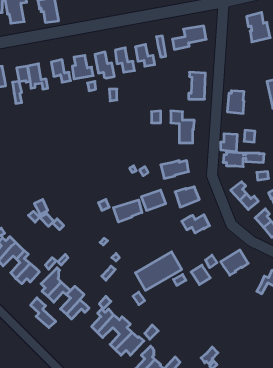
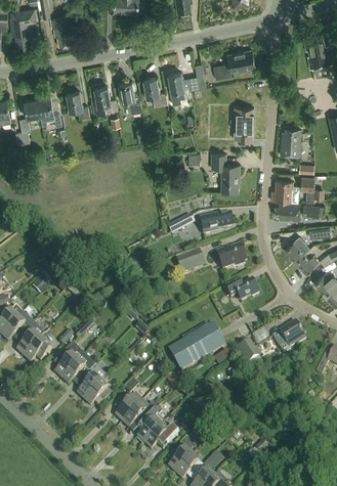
building: [113,200,142,222] -> none
building: [31,298,56,328] -> none

